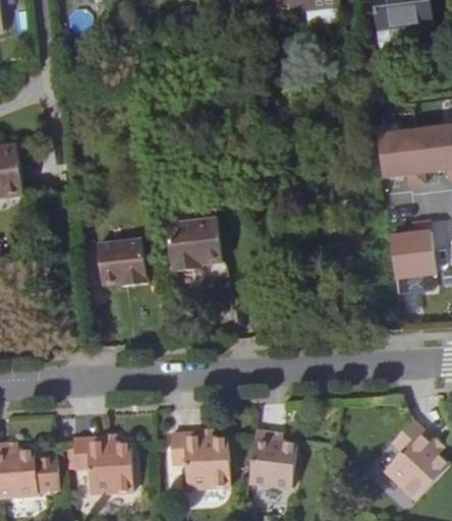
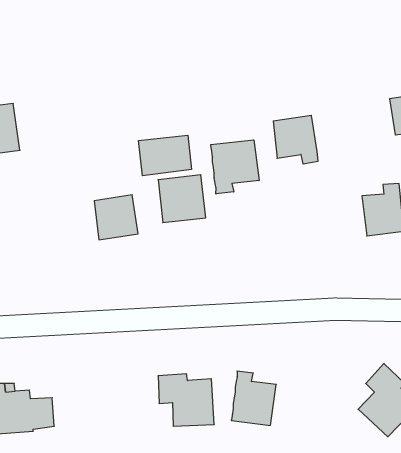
building: [377,136,425,188] -> [273,115,318,164]
building: none -> [138,135,191,176]
building: none -> [211,140,259,194]
building: [72,436,132,491] -> none

